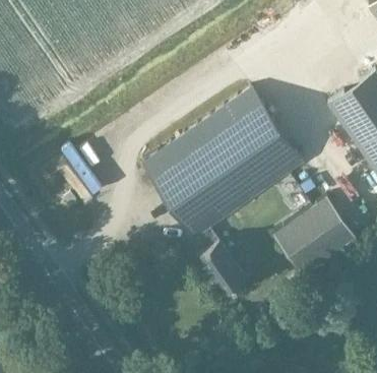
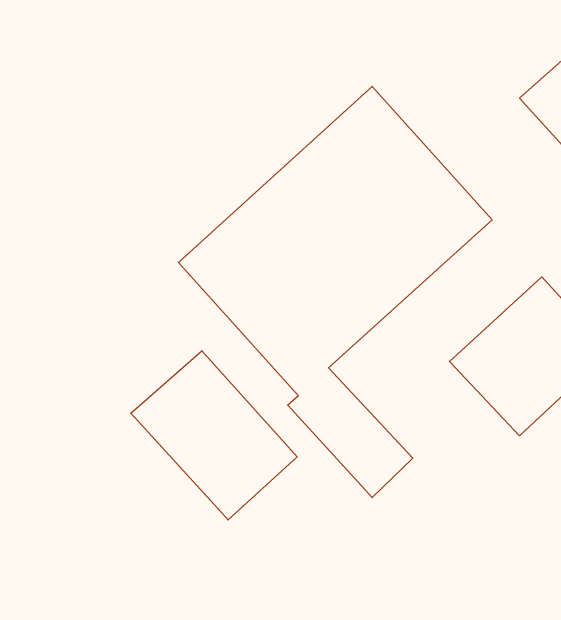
building: none -> [131,351,297,520]

